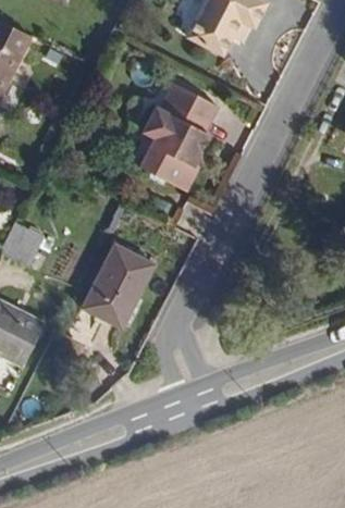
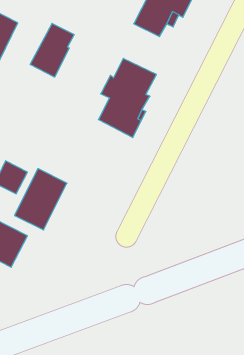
building: none -> [30,23,74,77]
building: [83,245,153,327] -> [15,169,67,230]

